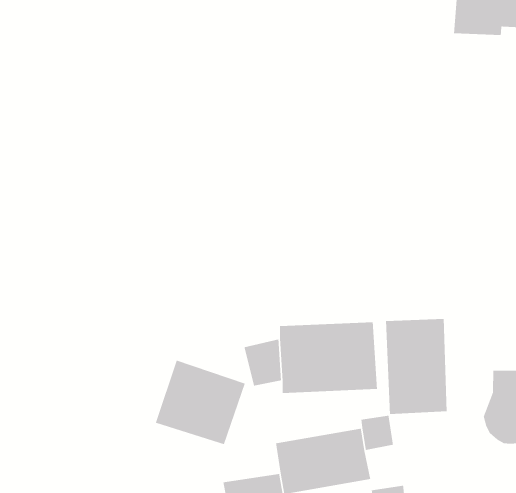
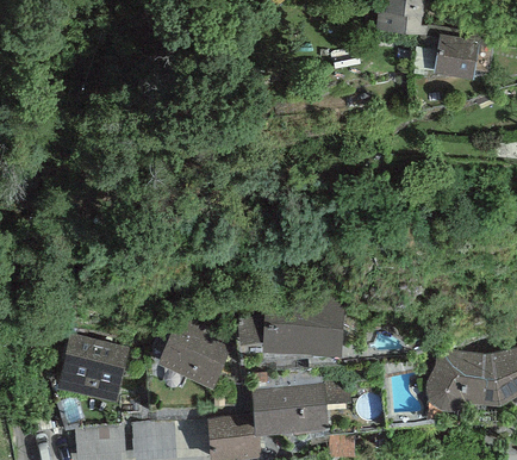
building: [385,318,447,415] -> none
building: none -> [56,334,127,402]

